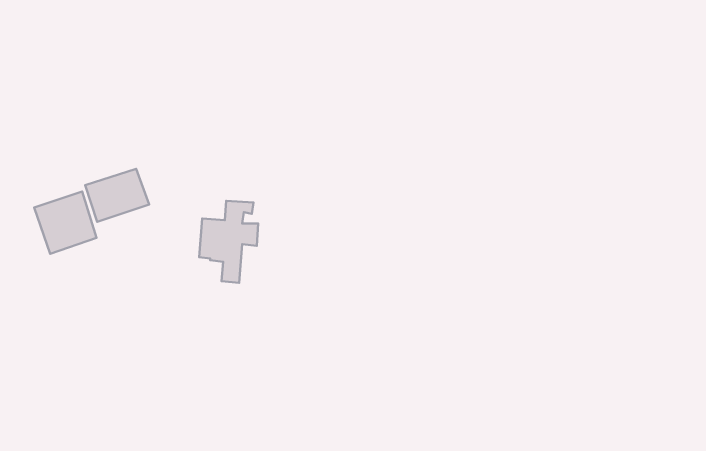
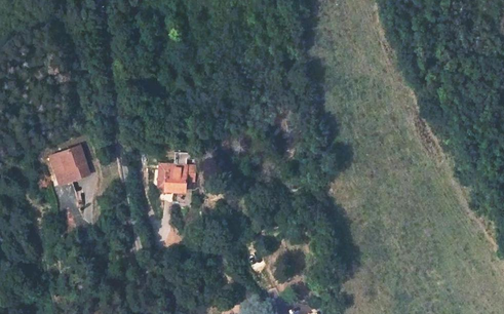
building: [85,169,149,222] -> none

